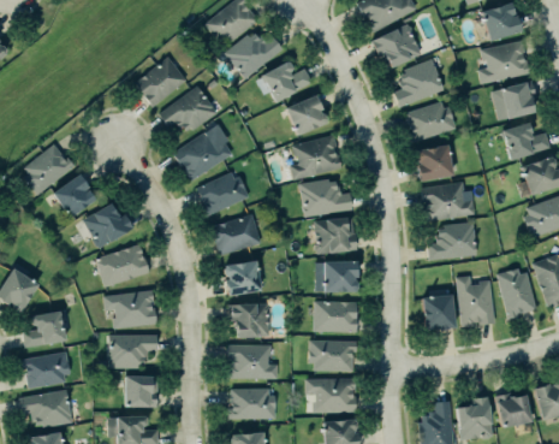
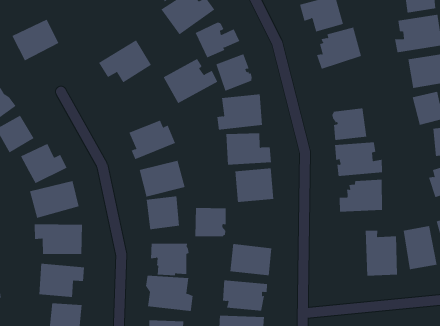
building: [136,59,188,106] -> [12,19,59,61]
building: [405,101,456,143] -> none
building: [172,130,232,180] -> [163,58,218,104]
building: [323,261,358,294] -> [195,207,227,237]
building: [421,296,456,333] -> none

